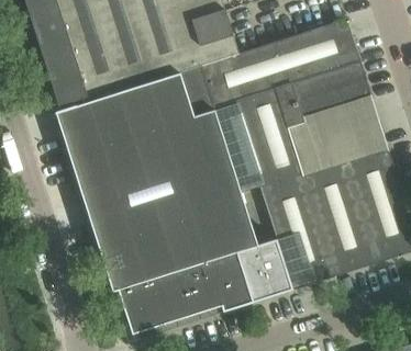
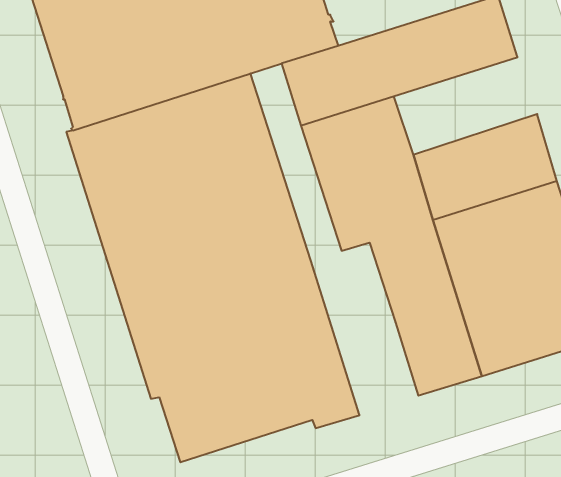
building: [276,61,373,127] -> none
building: [179,66,292,303] -> none

